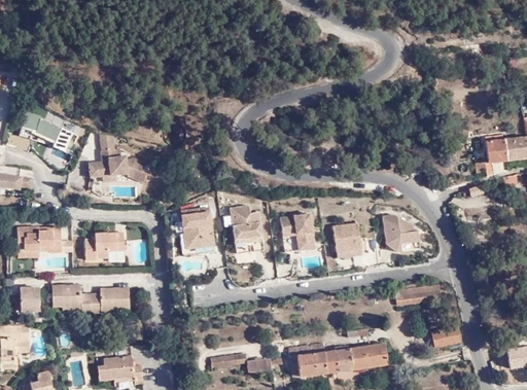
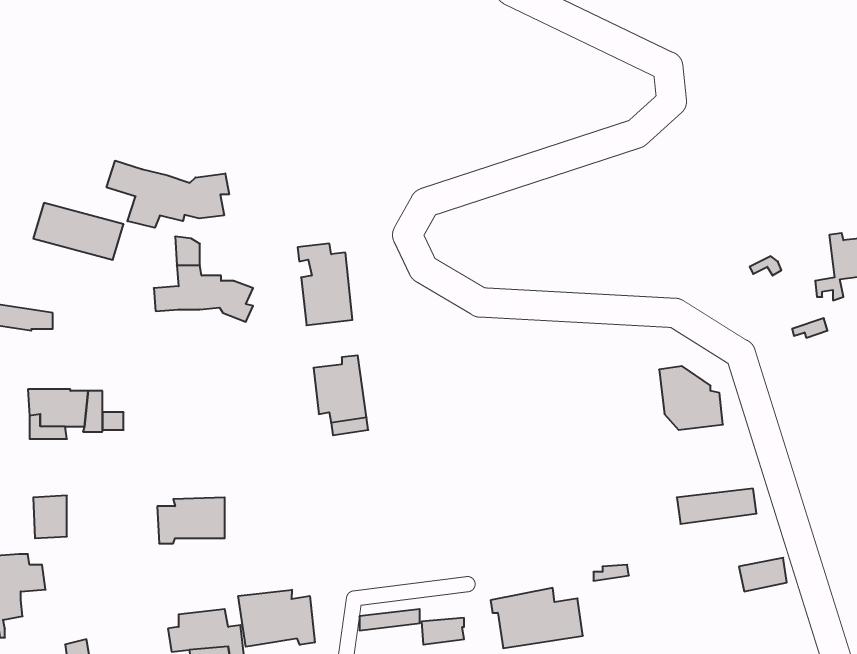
building: none -> [107,161,229,228]
building: [230,205,261,252] -> [298,244,352,325]
building: [279,212,313,250] -> none
building: [331,221,360,256] -> none
building: [84,234,124,260] -> none
building: [54,287,93,316] -> none
building: [336,340,385,369] -> none
building: none -> [238,590,315,647]

